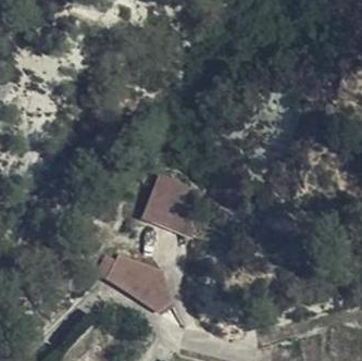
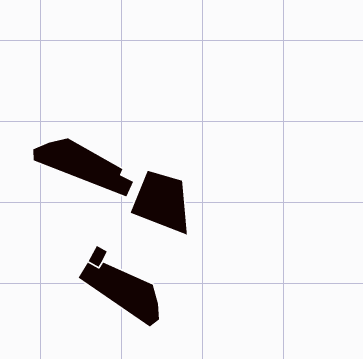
building: none -> [33,137,134,198]

